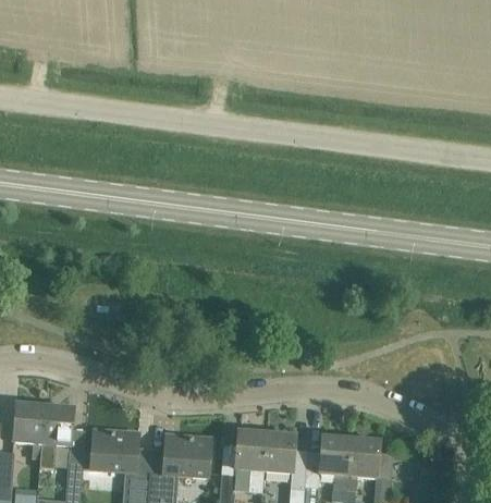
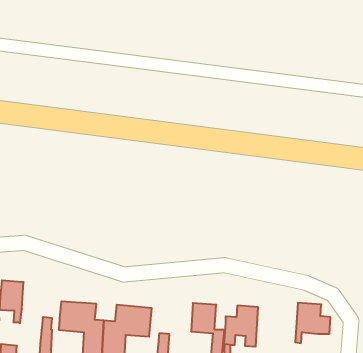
building: [39,405,74,467] -> none
building: [235,430,265,490] -> none
building: [346,438,392,490] -> [295,303,330,343]

